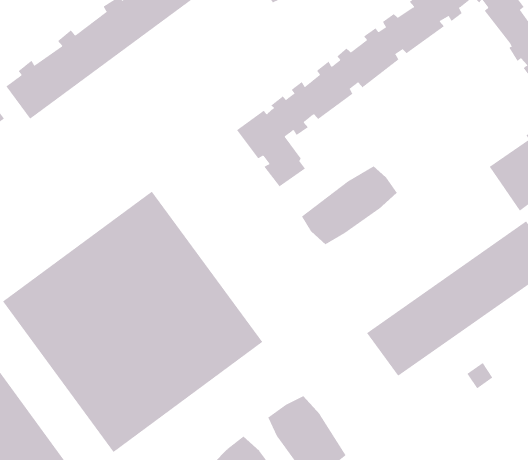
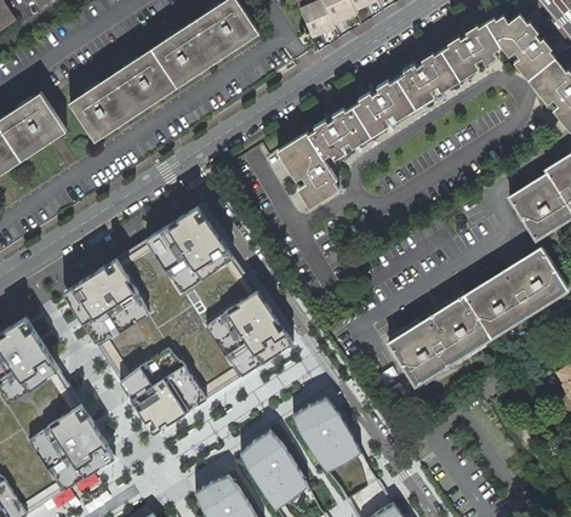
building: [301,165,397,245] -> none

